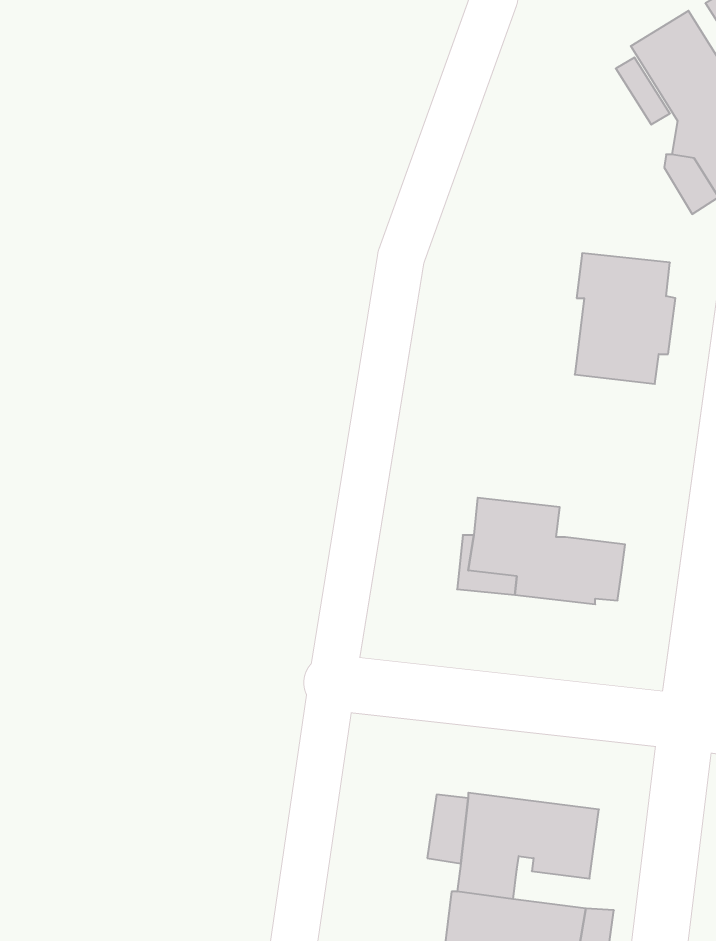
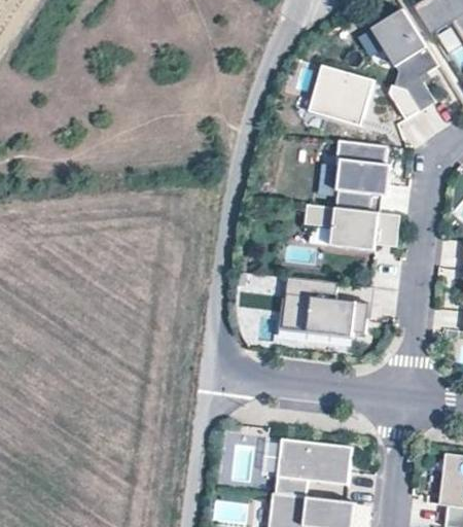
building: none -> [312,66,375,124]
building: none -> [309,205,404,251]

